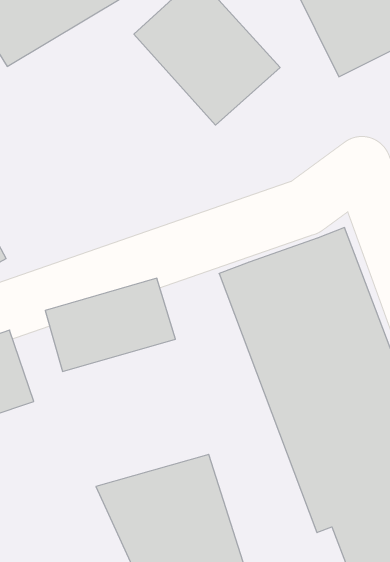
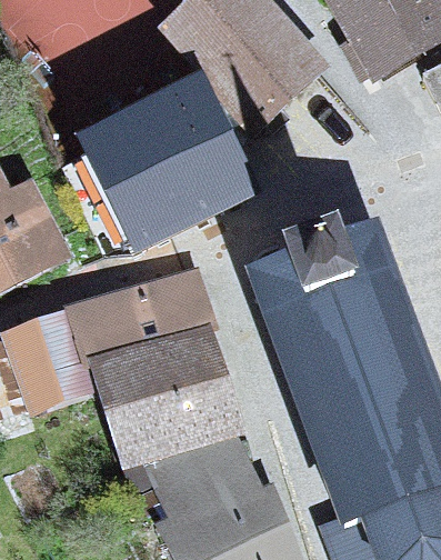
building: none -> [81,89,247,246]
building: none -> [102,330,243,472]

